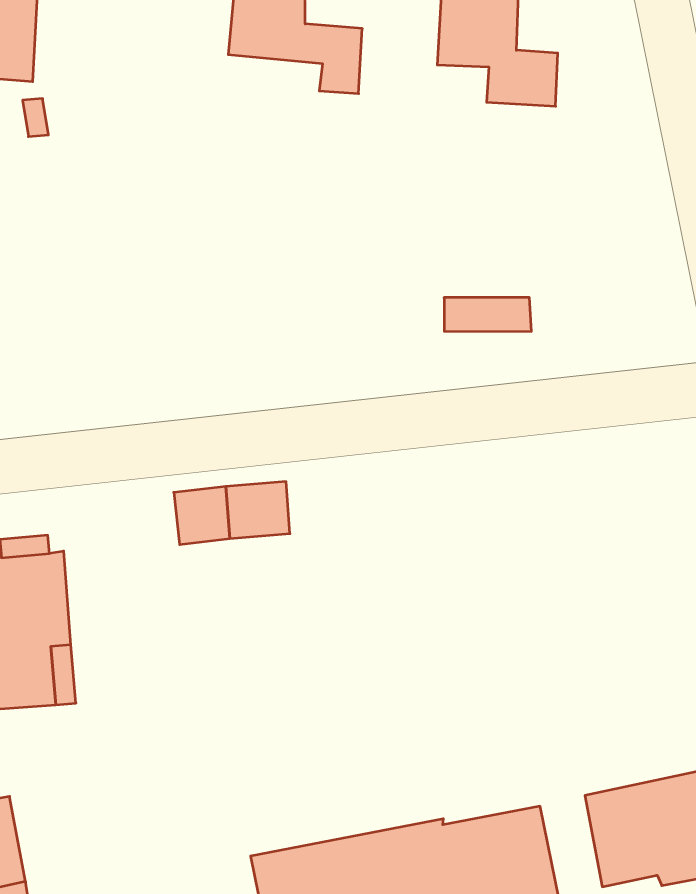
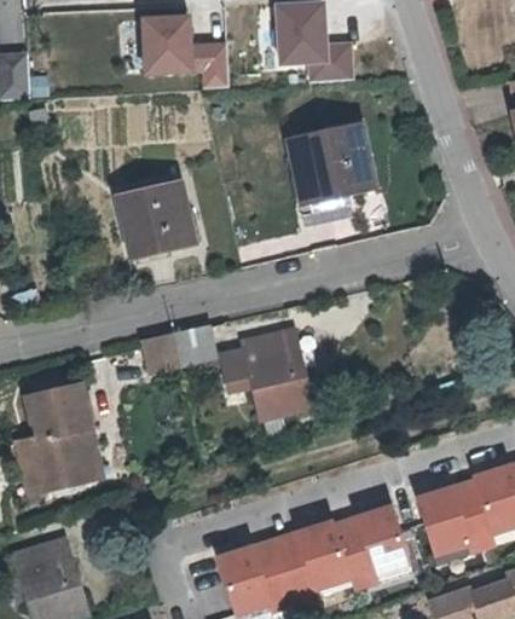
building: none -> [288,126,372,197]
building: none -> [117,183,193,256]
building: none -> [221,336,309,423]

